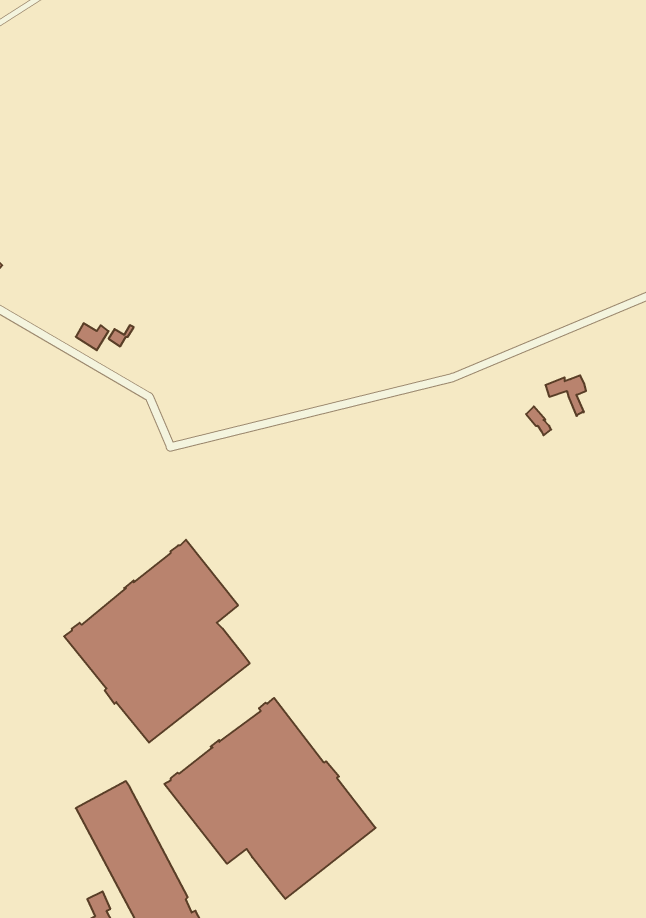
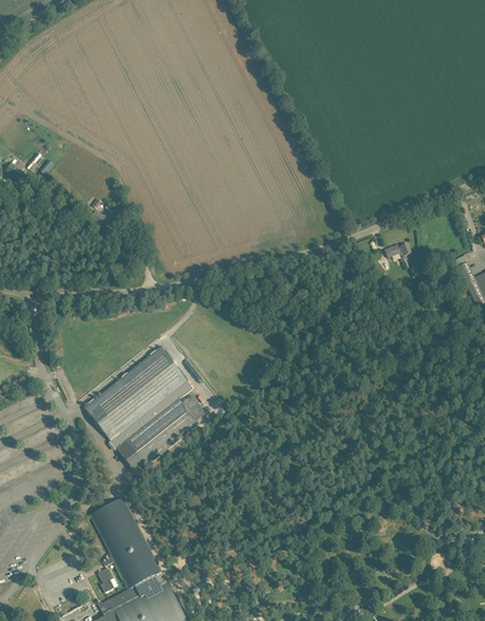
building: [164,698,376,899] -> none

